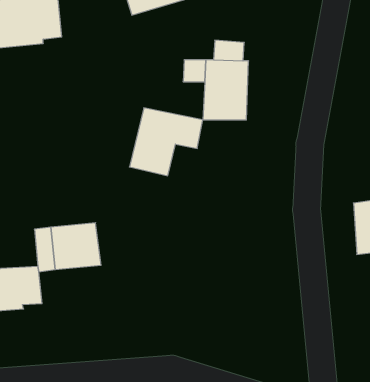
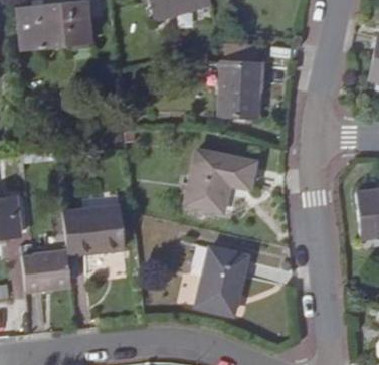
building: [129,108,203,176] -> [186,148,253,210]
building: none -> [195,247,242,316]

